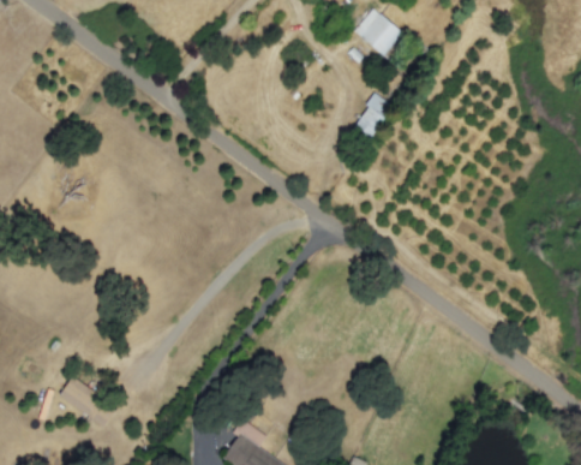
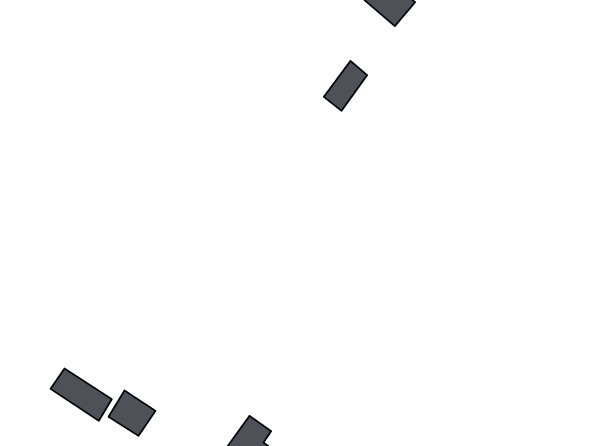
building: [352,94,393,141] -> [324,61,367,111]
building: none -> [108,390,155,436]

